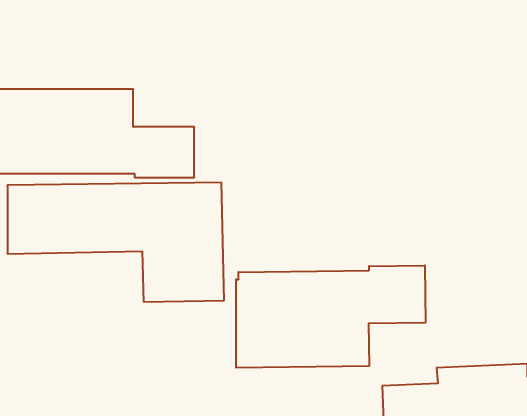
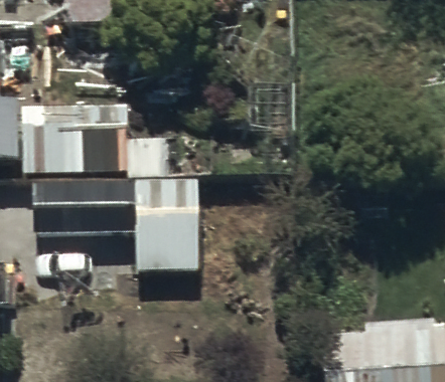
building: [236,265,425,368] -> none

